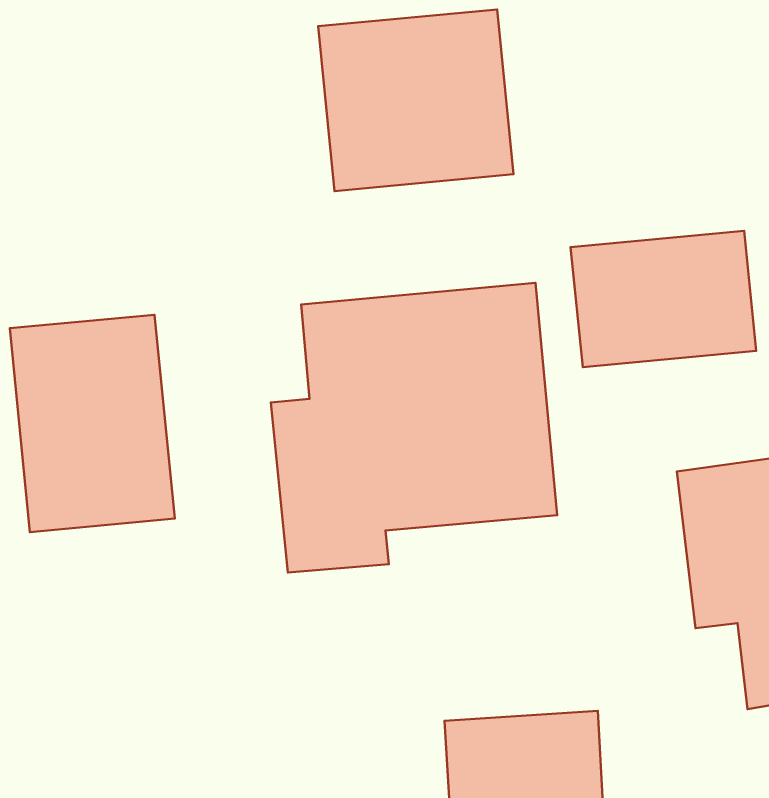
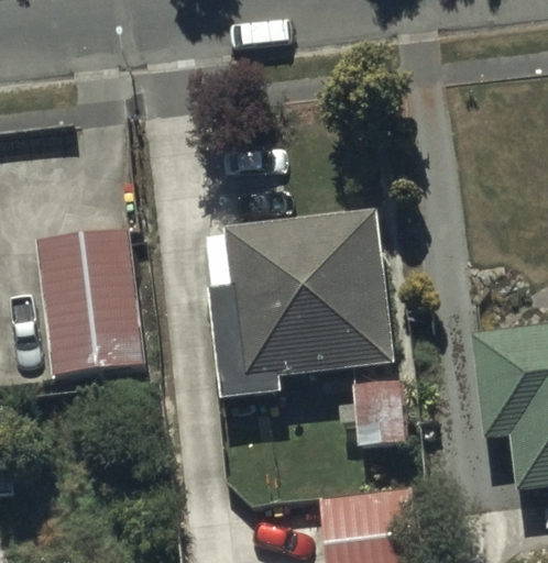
building: [318,9,513,191] -> none
building: [571,231,756,367] -> none

